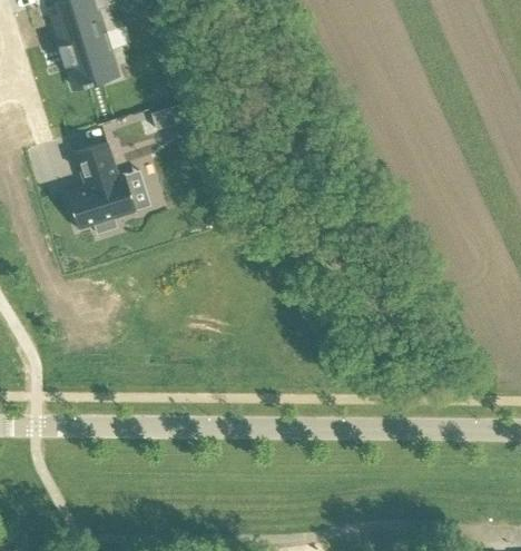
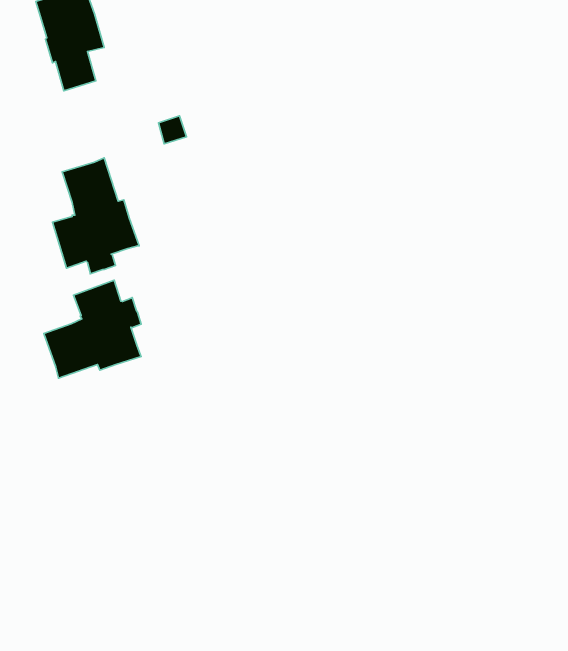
building: none -> [44,280,141,378]

